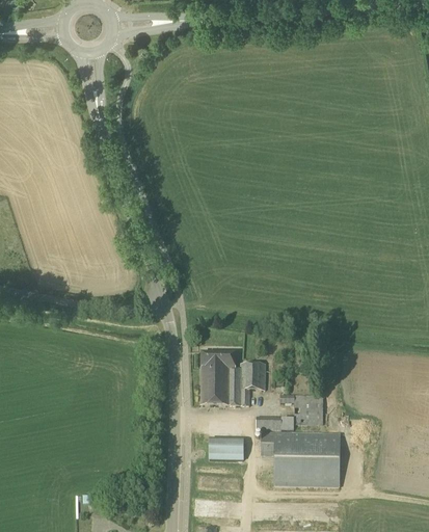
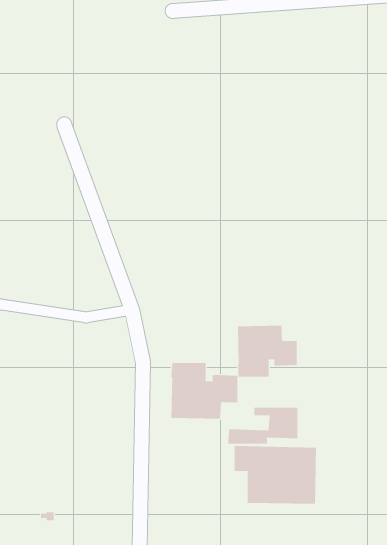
building: none -> [237,325,297,378]
building: [208,437,243,460] -> none

